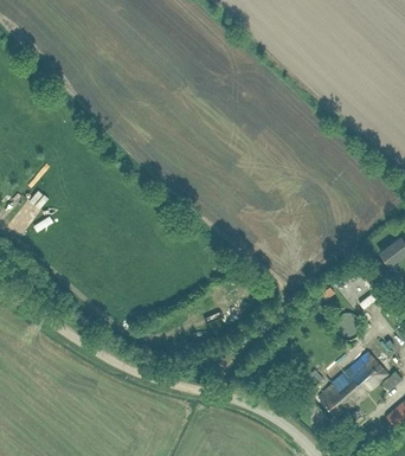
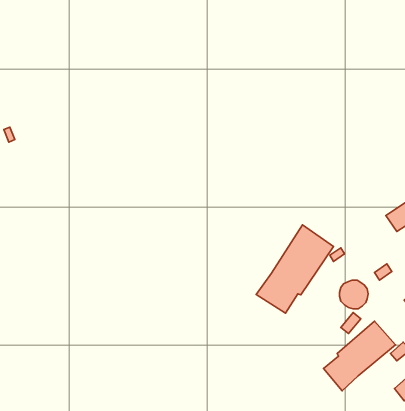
building: none -> [256,225,334,313]

